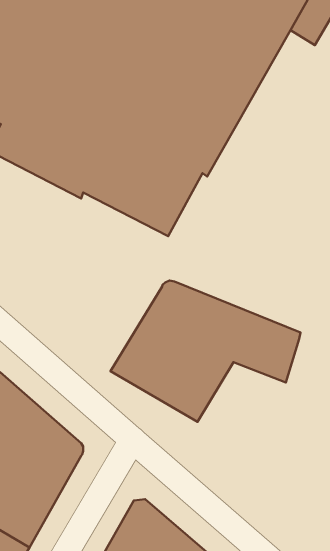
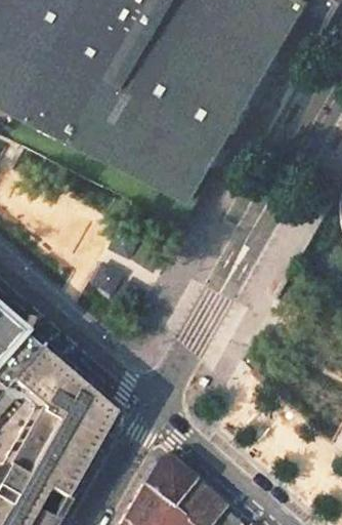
building: [110,281,300,422] -> none

